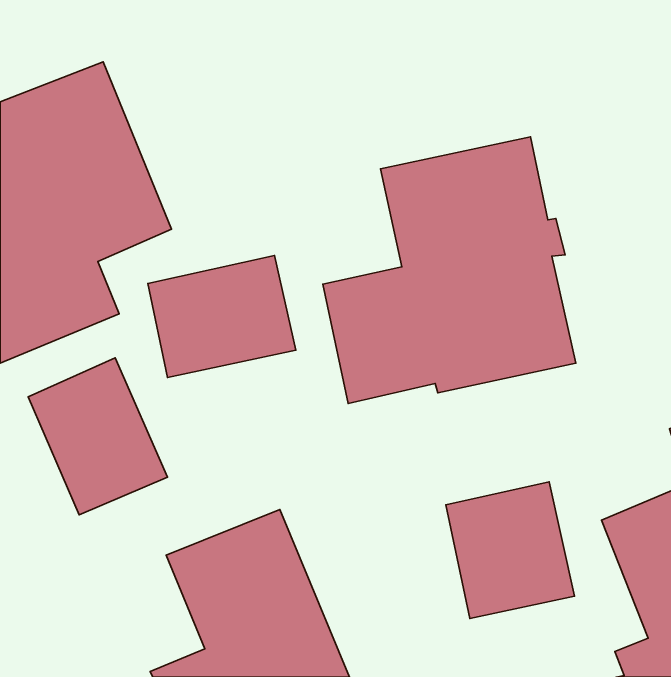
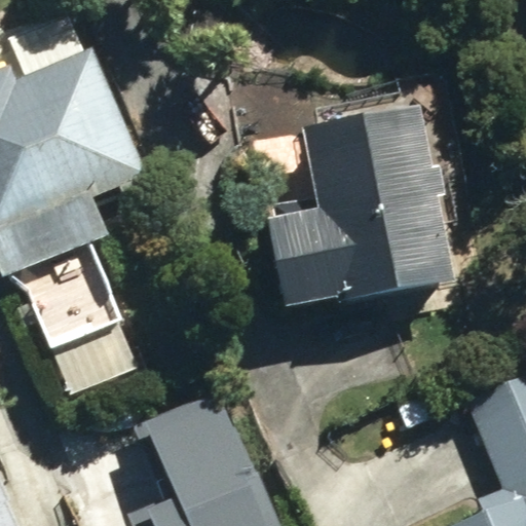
building: [148,256,296,378] -> none
building: [446,482,574,618] -> none

